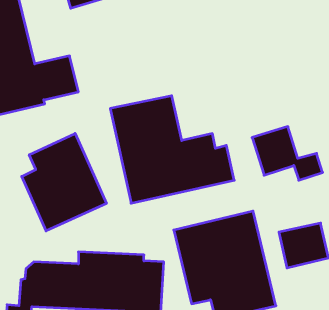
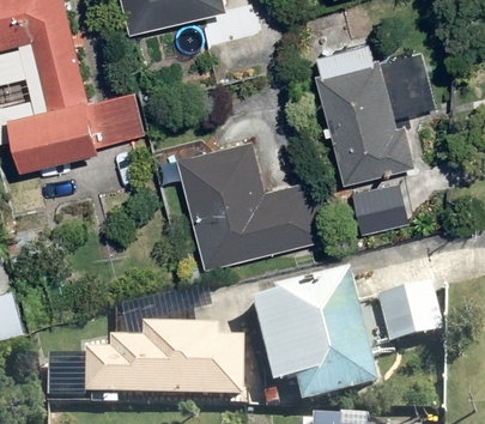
building: none -> [319,43,436,184]
building: [22,133,106,231] -> none

